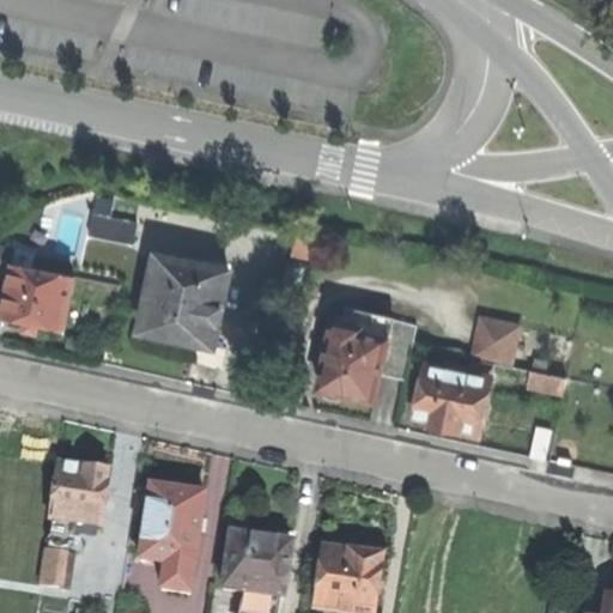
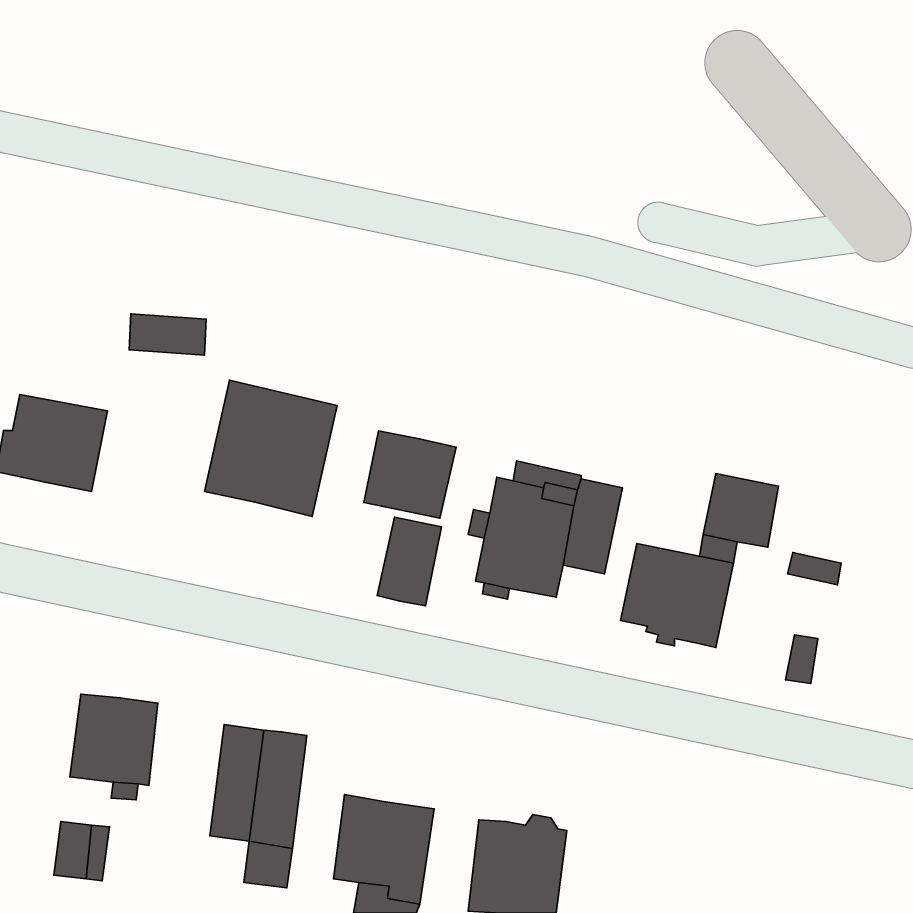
building: none -> [364,431,456,518]
building: none -> [377,517,442,606]

